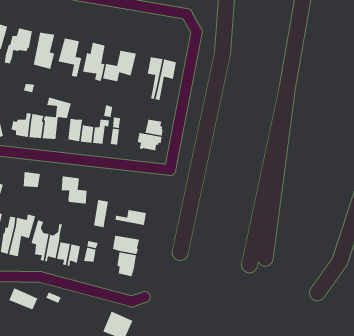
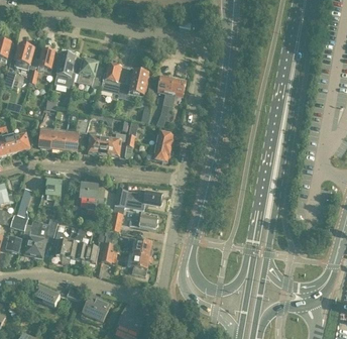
building: none -> [114,189,162,209]
building: none -> [83,294,111,321]

